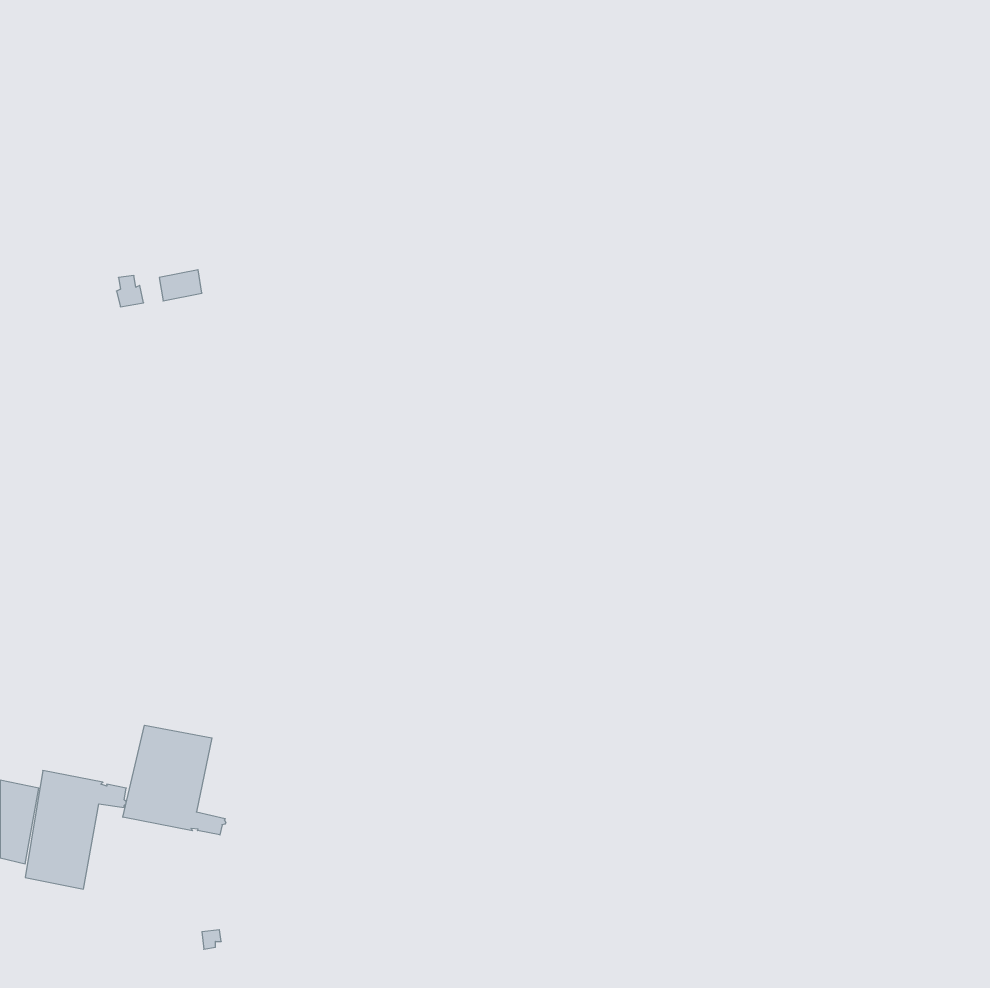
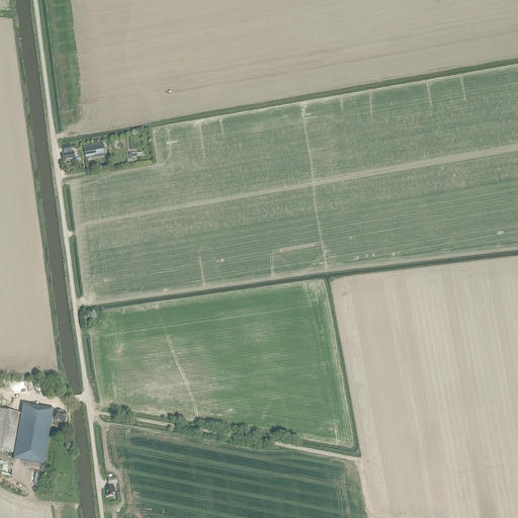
building: [123,725,226,835] -> none

